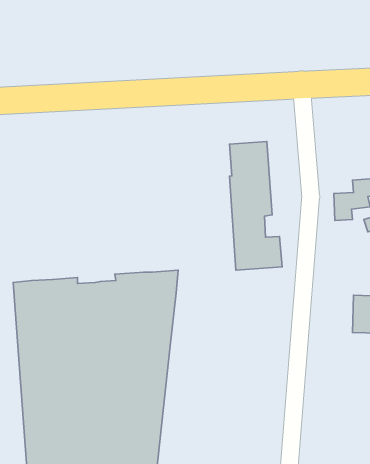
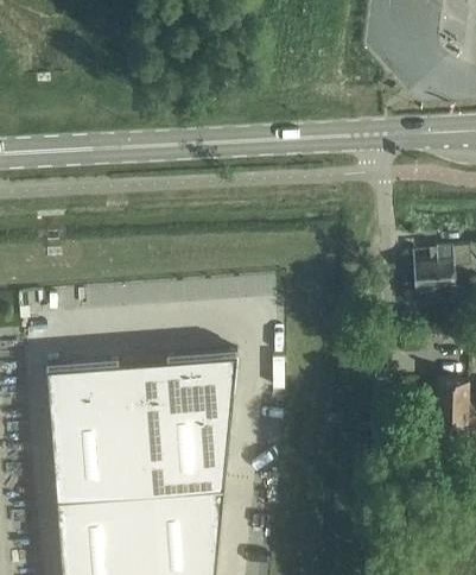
building: [229,141,282,270] -> none

